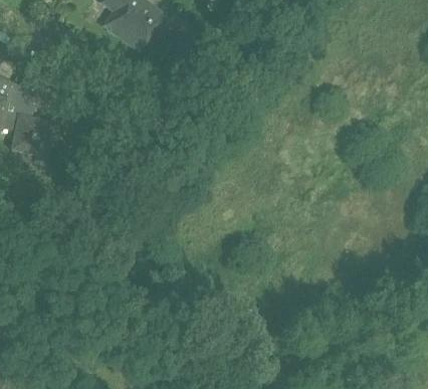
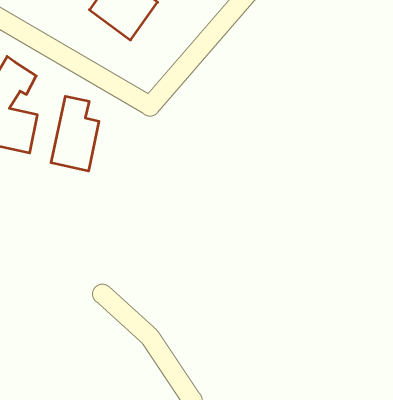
building: none -> [51,96,99,171]

